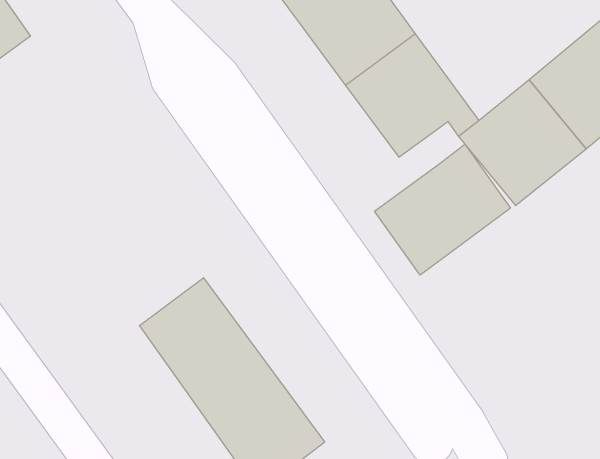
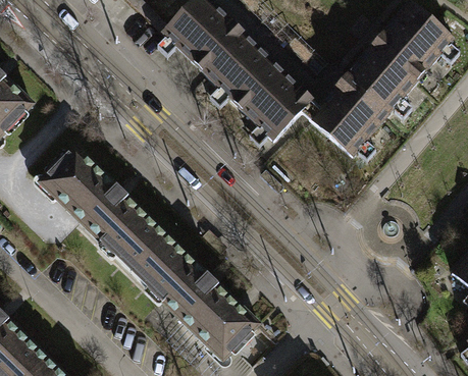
building: none -> [41,143,166,269]
building: [375,144,510,275] -> none

